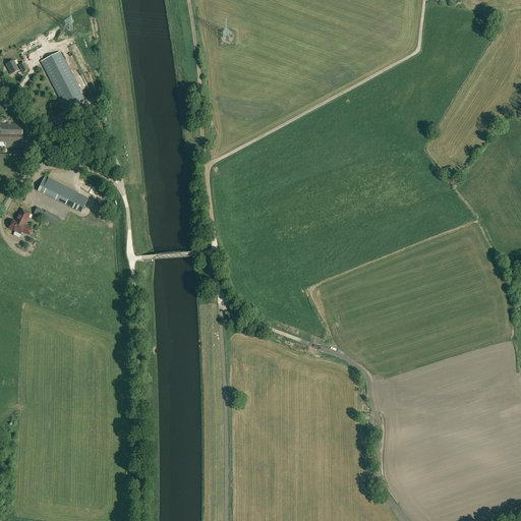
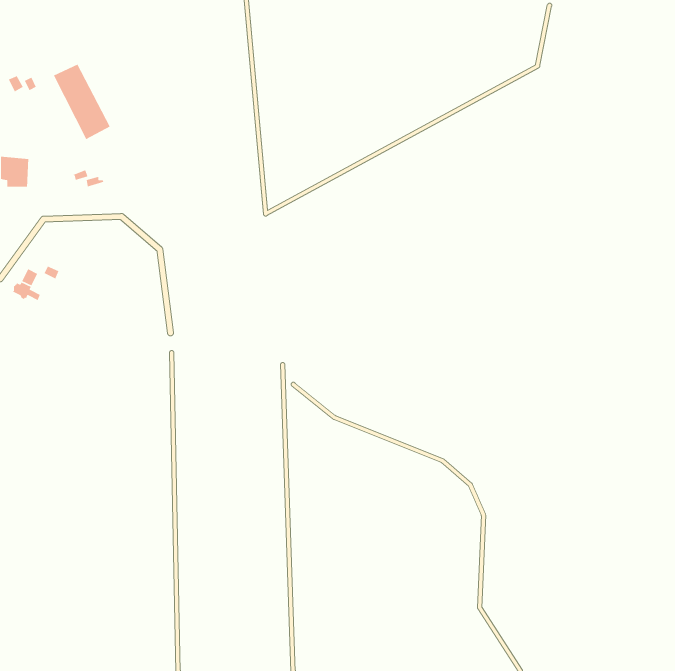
building: [38,174,88,210] -> none

